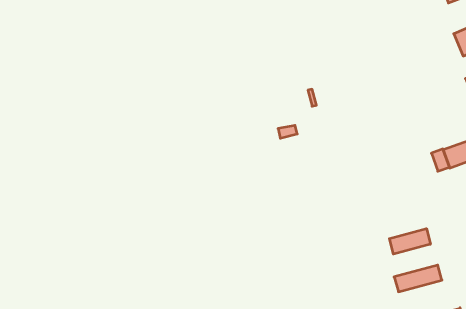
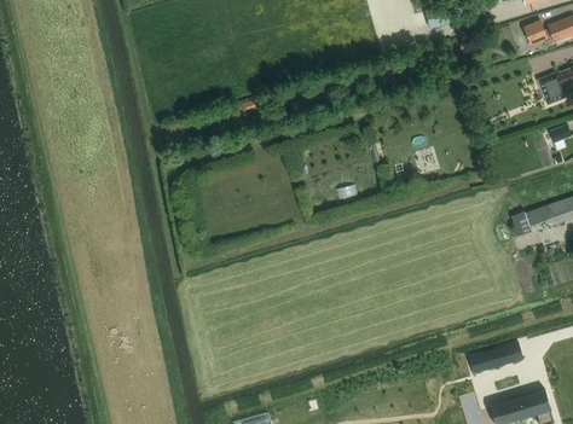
building: [389,229,430,254] -> none

